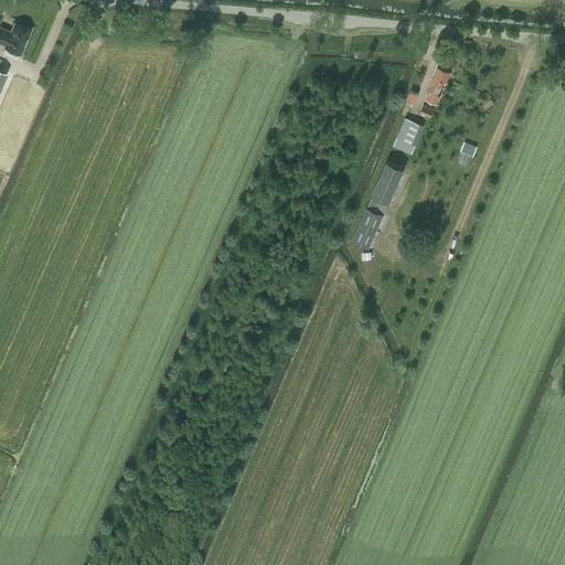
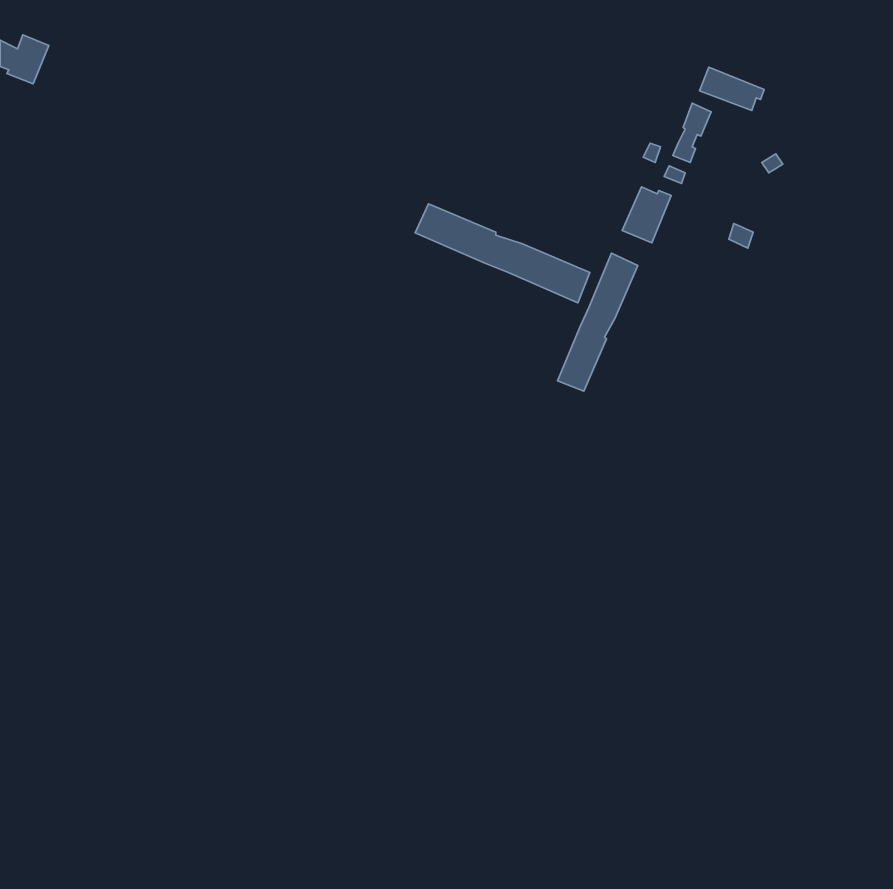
building: none -> [700,67,764,111]
building: none -> [415,204,590,303]

